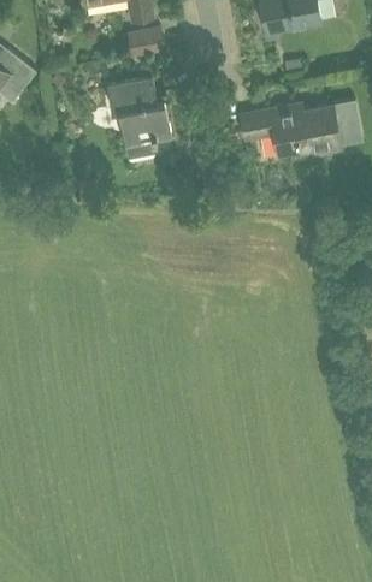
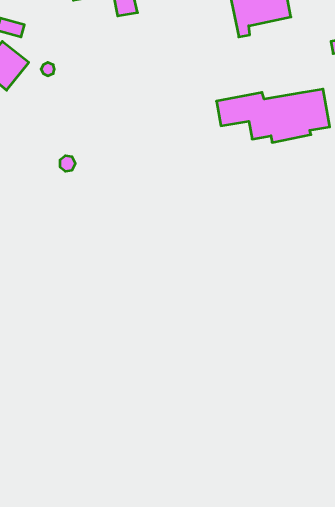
building: [124,25,164,55] -> none
building: [105,76,169,161] -> none

